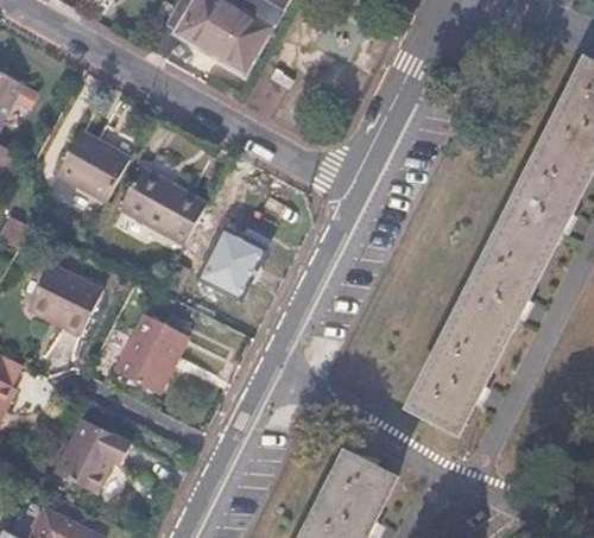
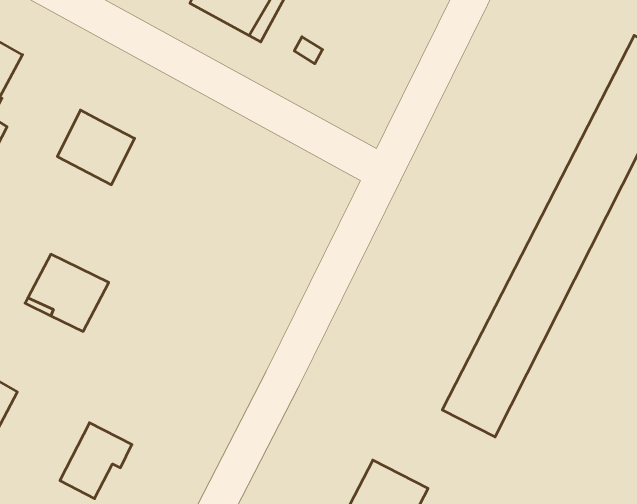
building: [115,167,203,242] -> none
building: [201,227,265,295] -> none
building: [115,315,187,393] -> none

